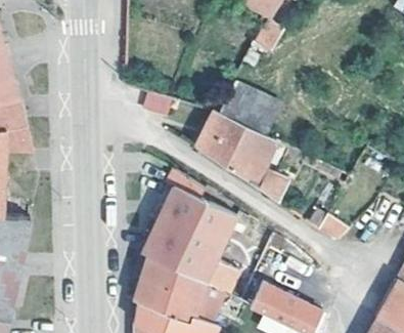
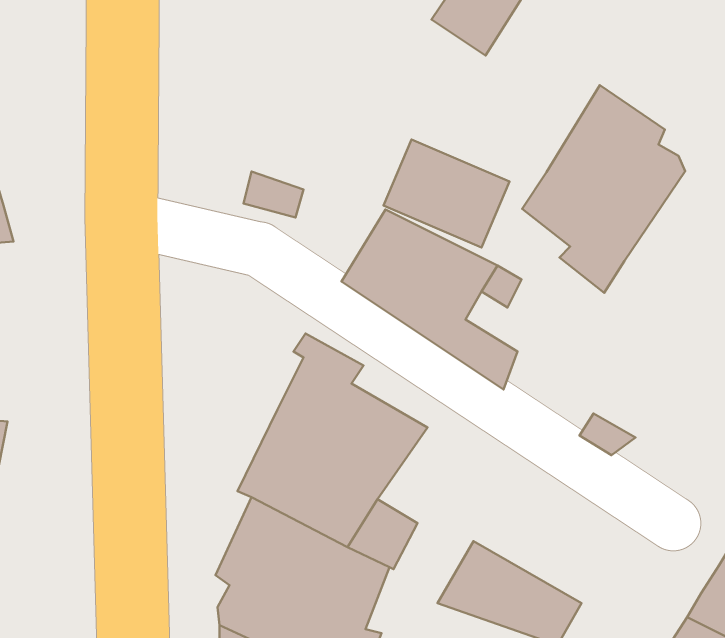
building: none -> [522,85,685,293]

